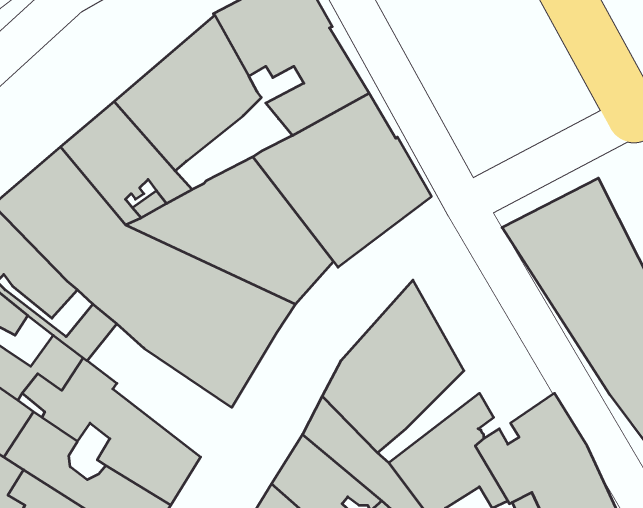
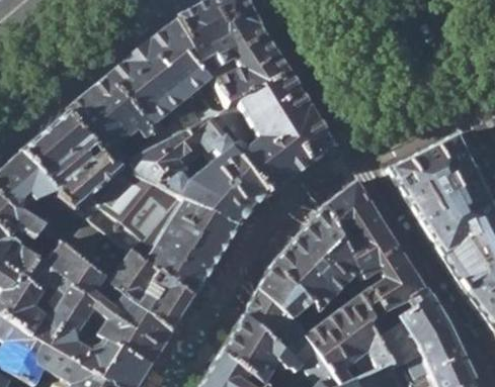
building: none -> [153,76,237,141]
building: none -> [323,181,424,312]
building: none -> [90,237,193,332]

